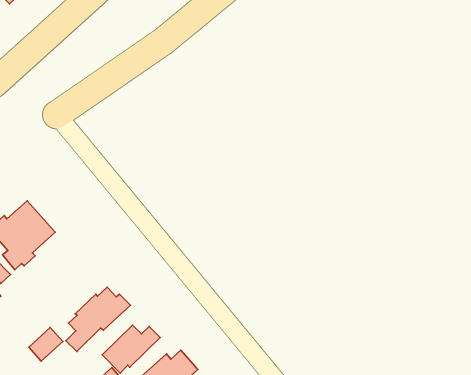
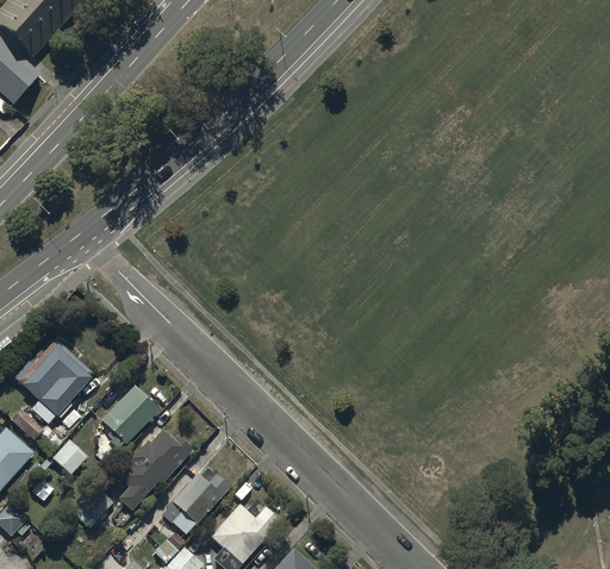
building: none -> [100,383,157,450]
building: none -> [51,440,86,475]

